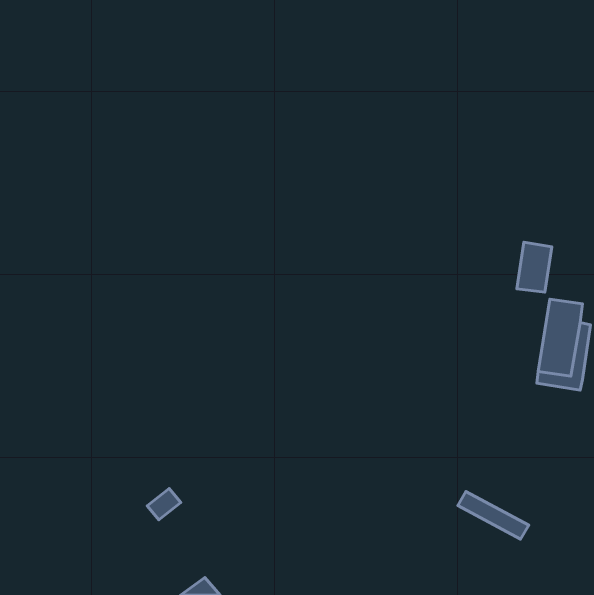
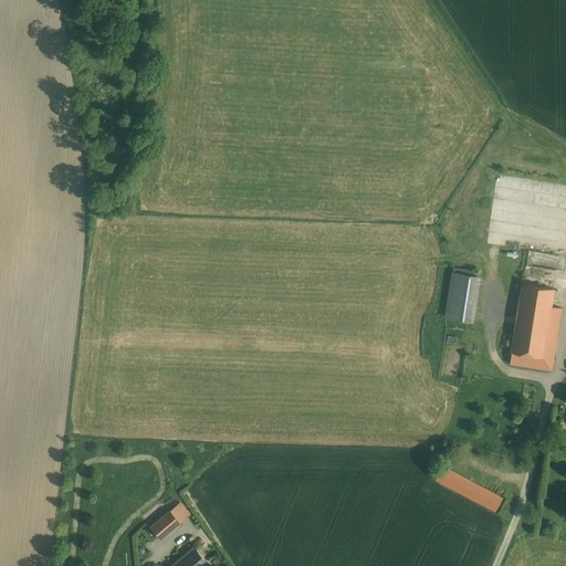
building: [517,242,552,292] -> [446,273,479,321]
building: [147,488,181,520] -> [148,511,180,541]

